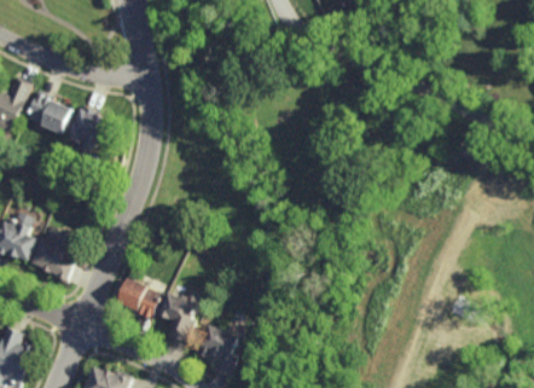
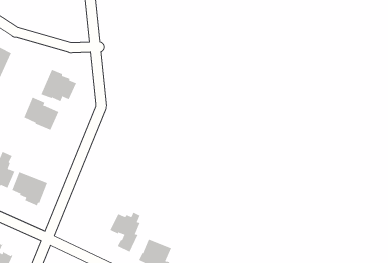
building: [28,91,74,134] -> [24,97,59,130]
building: [118,279,162,320] -> none

